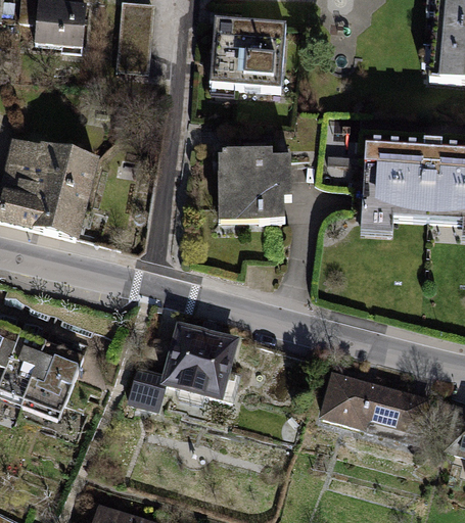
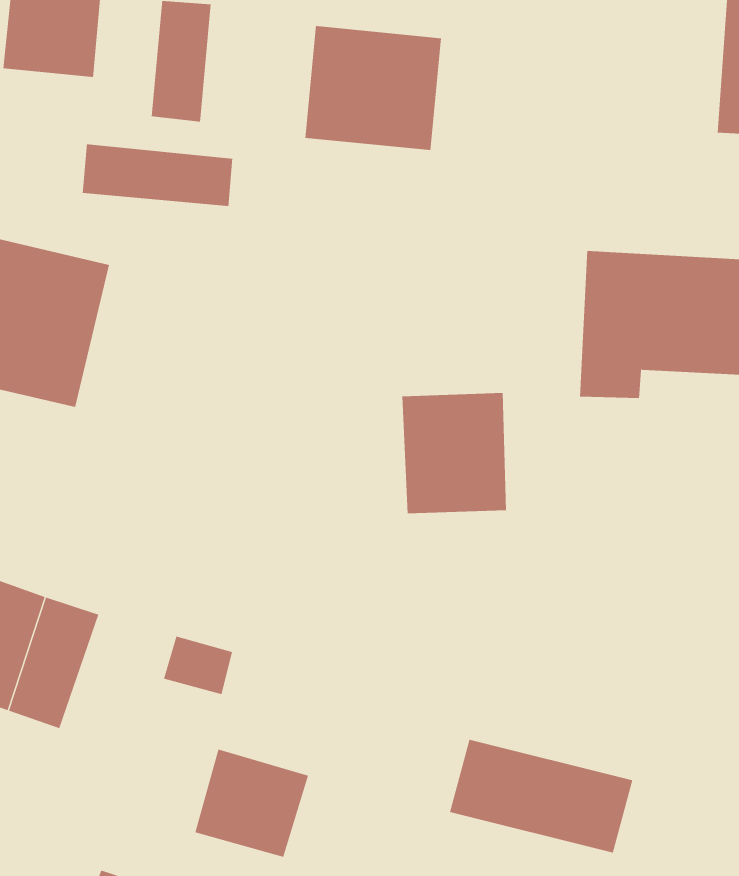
building: none -> [82,143,233,207]
building: [222,155,282,225] -> [402,393,507,514]
building: [170,328,235,390] -> [195,749,309,858]
building: [327,372,432,437] -> [449,739,633,853]

